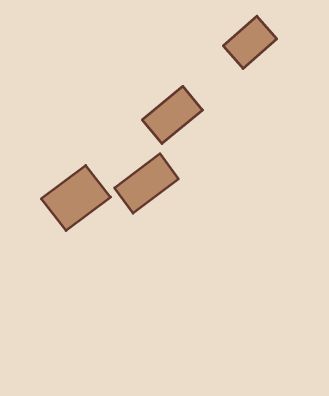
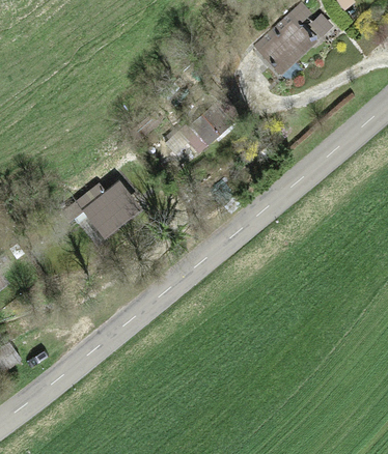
building: [115,154,178,213] -> none

